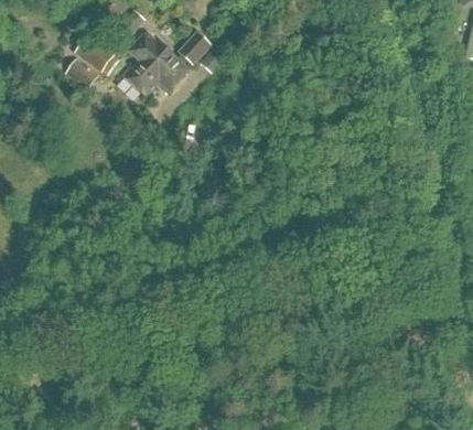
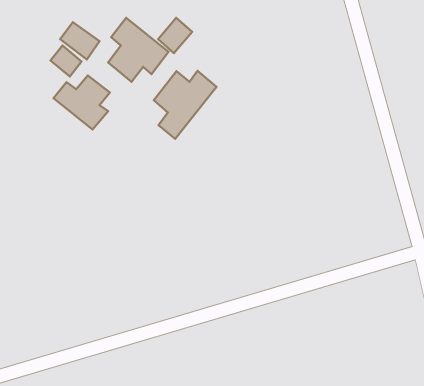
building: none -> [154,71,216,139]
building: none -> [53,75,110,130]

